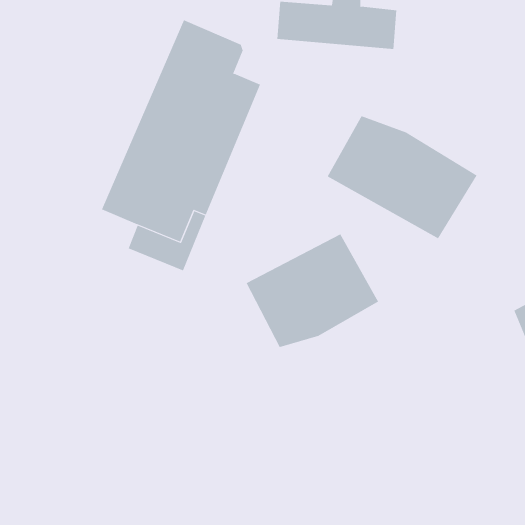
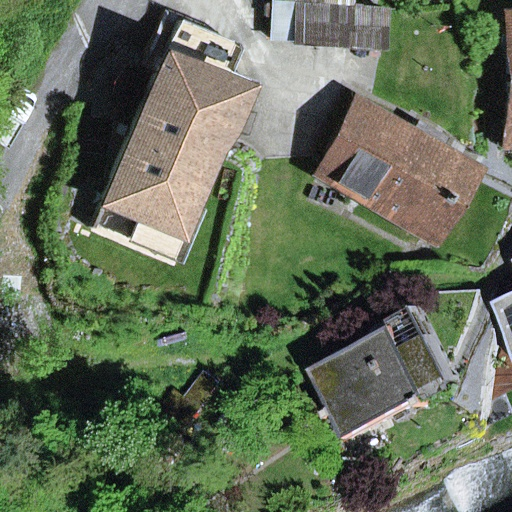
building: [246,233,379,348] -> none
building: none -> [317,311,463,438]

